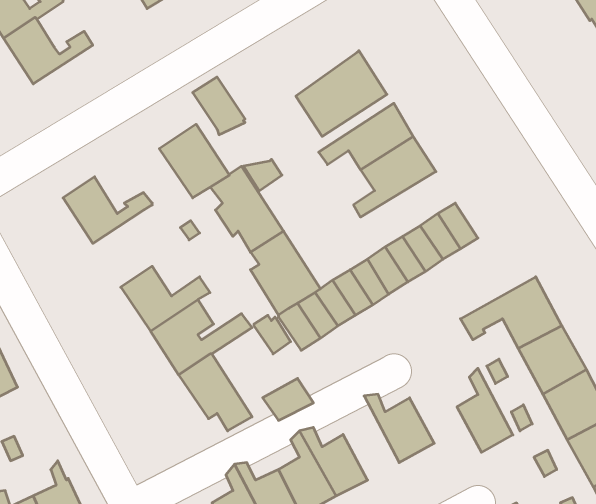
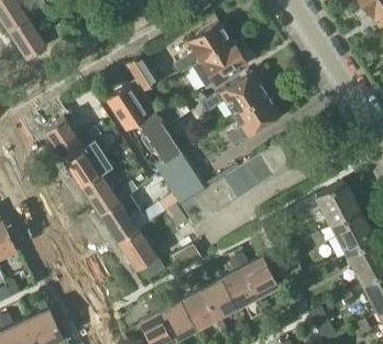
building: none -> [172,21,229,75]
building: none -> [63,139,112,187]
building: [457,368,513,452] -> [220,256,255,309]

